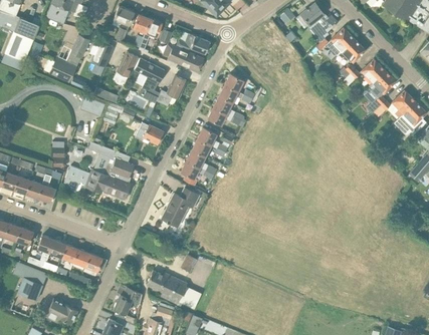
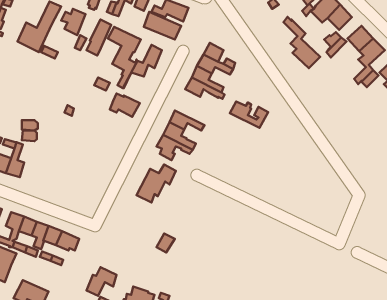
building: none -> [284,17,320,68]
building: [197,127,233,152] -> [230,101,268,128]
building: [64,142,134,201] -> none
building: [147,270,201,309] -> none

